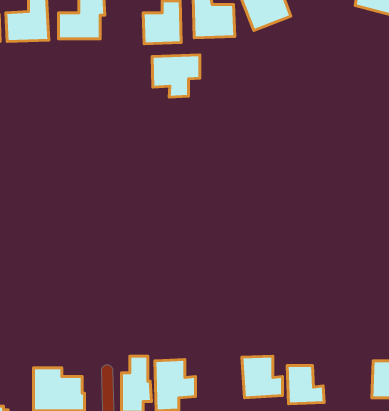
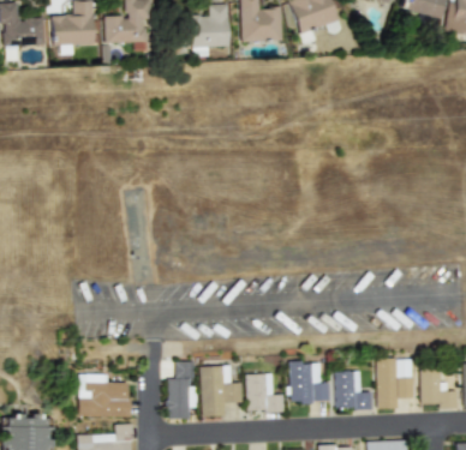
building: [152,55,200,97] -> none
building: none -> [376,358,412,408]
building: none -> [245,373,283,412]

